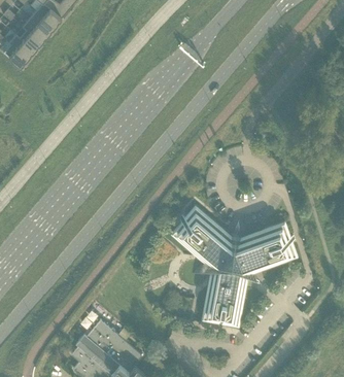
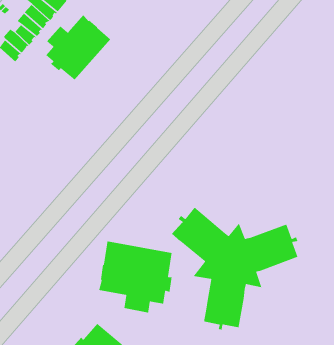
building: none -> [45,15,111,81]
building: none -> [98,240,173,313]

